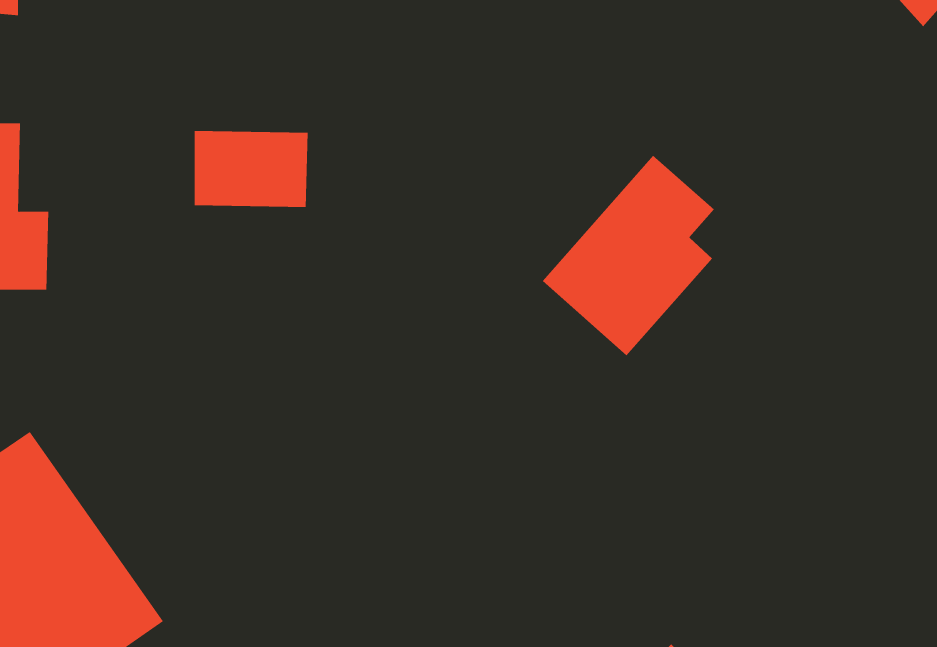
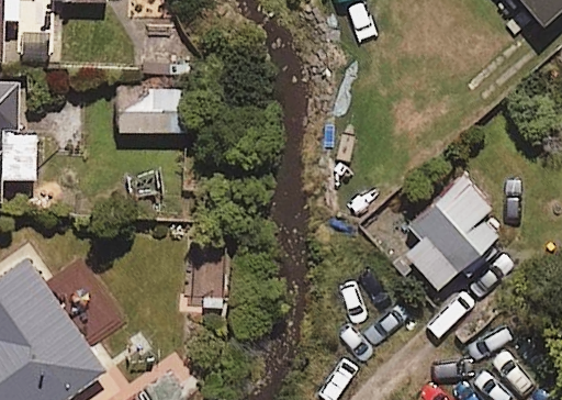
building: [542,155,715,356] -> [394,176,495,293]

